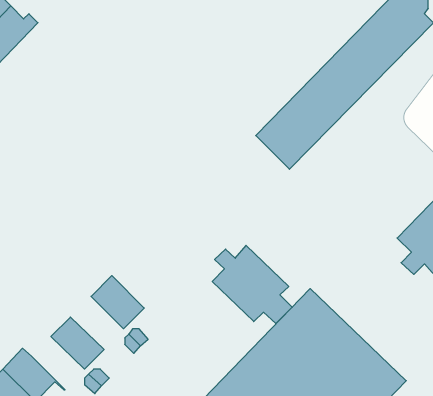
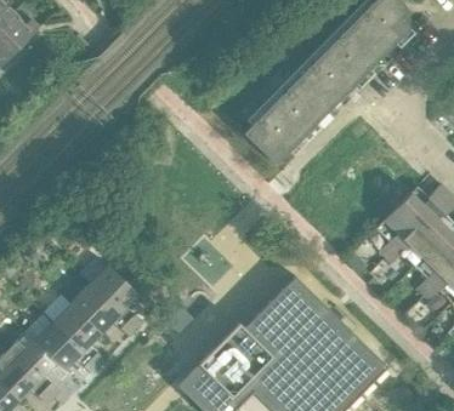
building: [212,245,292,324] -> none
building: none -> [69,284,119,333]
building: none -> [33,321,83,371]

